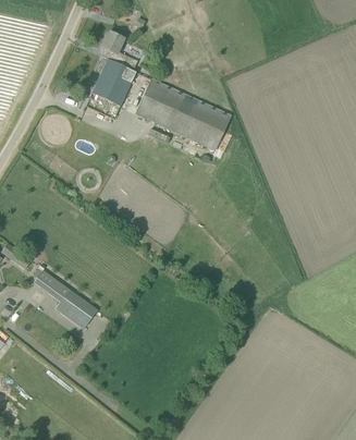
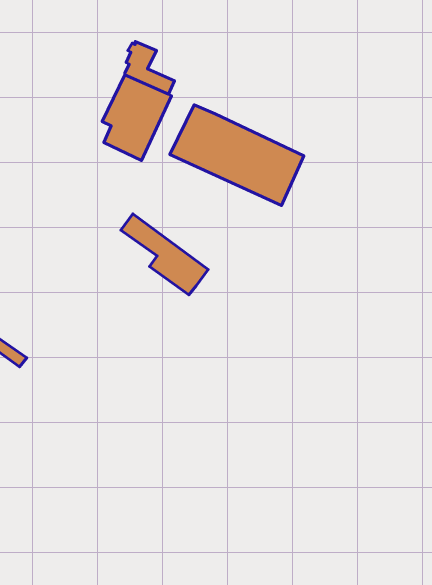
building: [35,269,98,328] -> [121,214,208,295]

